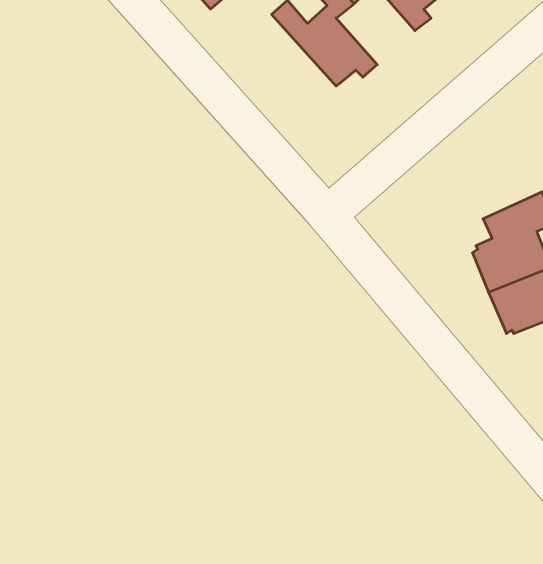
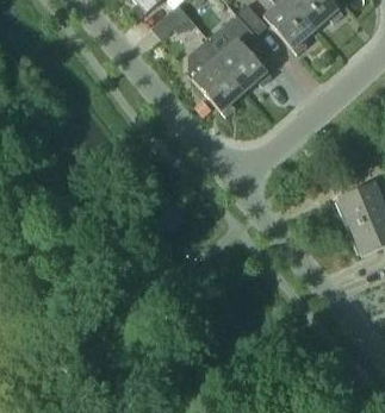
building: none -> [188,43,244,117]

